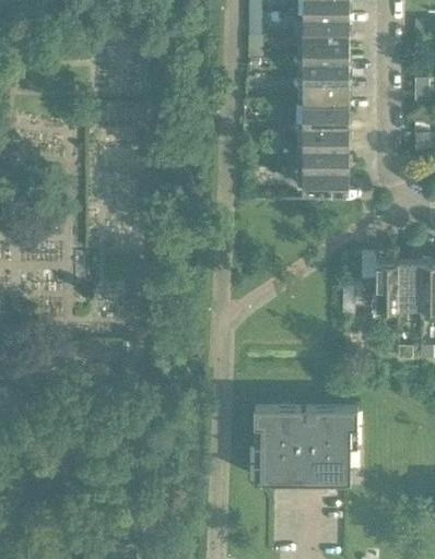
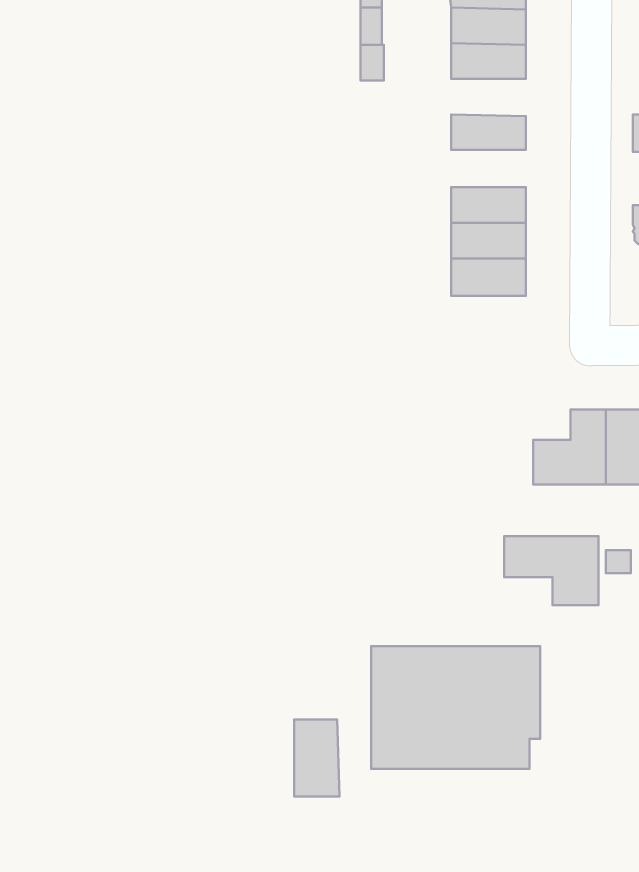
building: [302,60,348,83] -> none
building: [302,104,348,127] -> none
building: none -> [504,536,598,605]
building: none -> [294,720,339,797]

